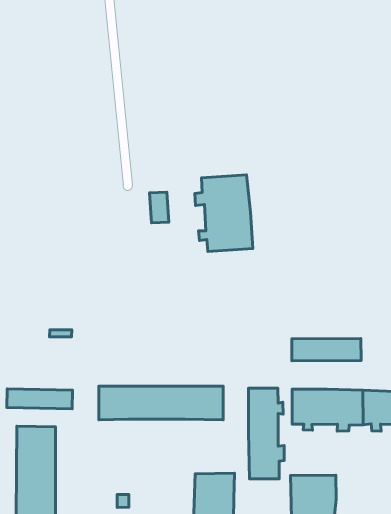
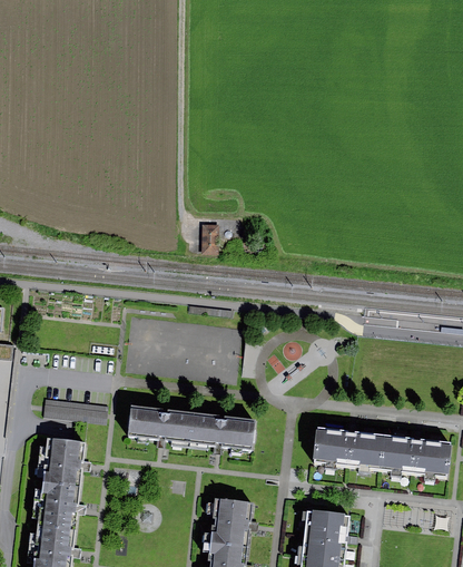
building: [195,175,253,251] -> none
building: [292,338,361,361] -> none
building: [249,388,284,479] -> none

